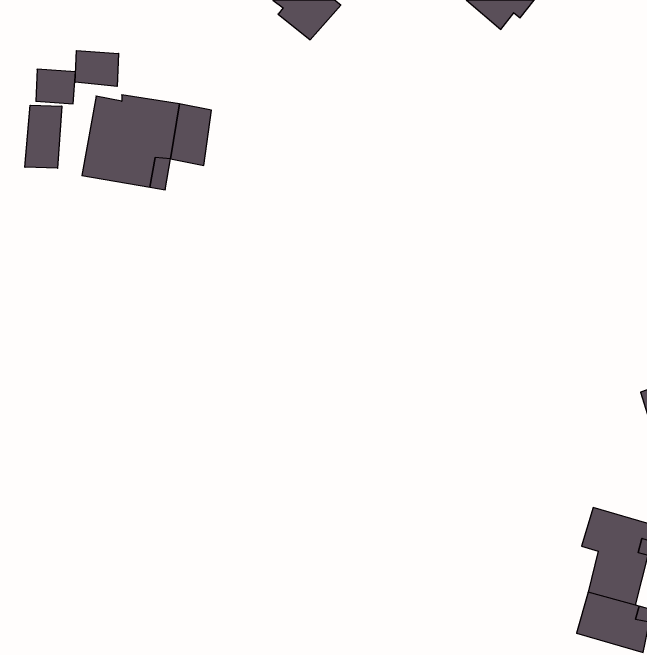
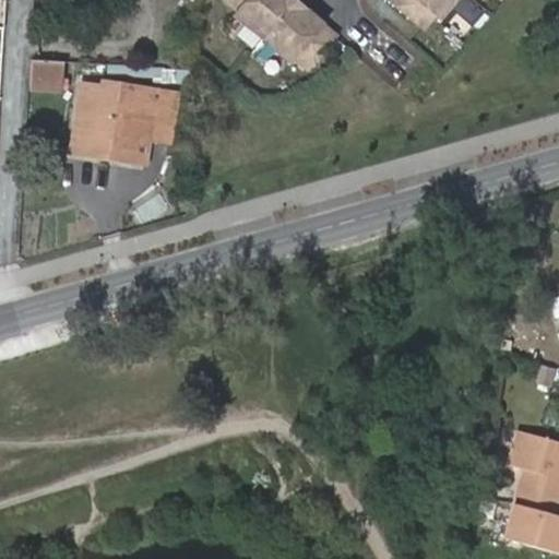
building: none -> [271,4,341,63]
building: [75,51,119,86] -> none
building: [25,105,62,168] -> none

